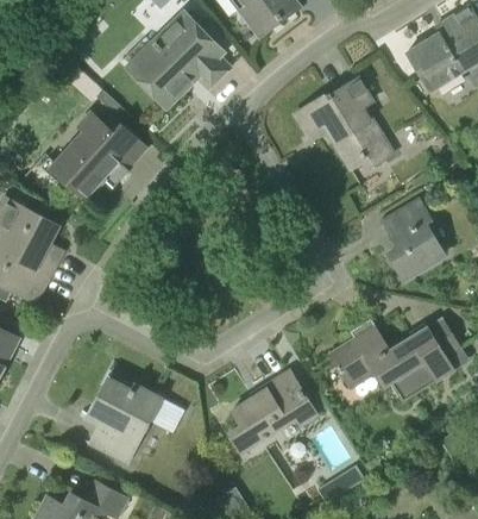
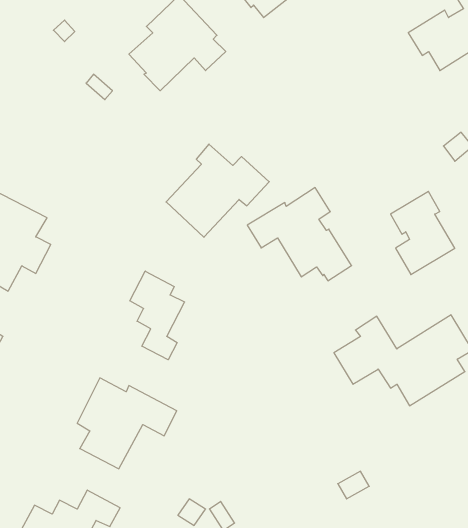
building: [295,77,394,165] -> [247,188,352,281]
building: [50,112,147,200] -> [166,144,269,237]
building: none -> [130,271,185,360]
building: [229,370,316,451] -> none

